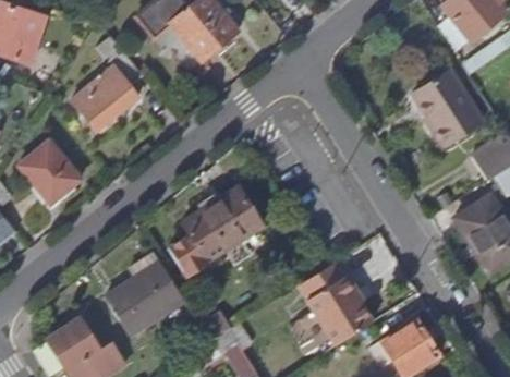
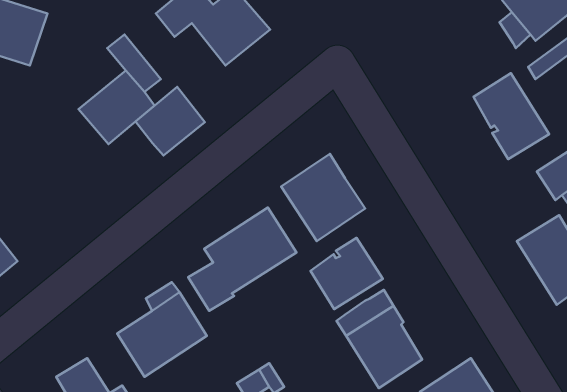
building: none -> [136,87,205,155]
building: none -> [281,154,365,241]
building: [17,142,80,204] -> none
building: none -> [310,238,383,309]

